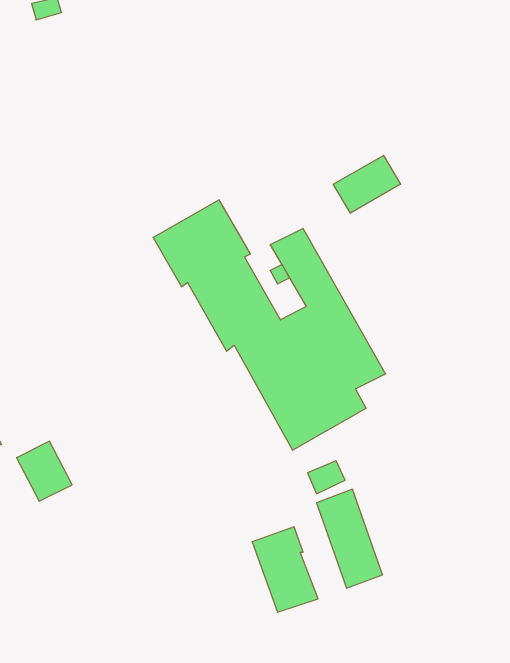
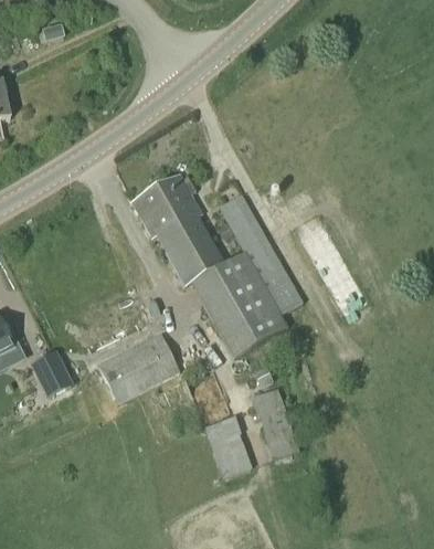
building: [333,155,401,213] -> none
building: none -> [98,334,180,402]

